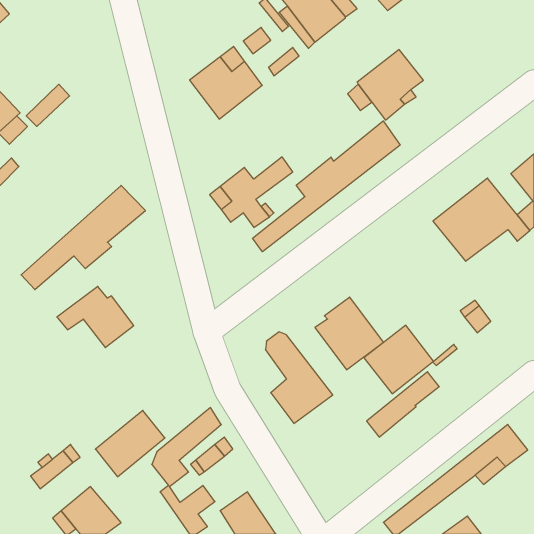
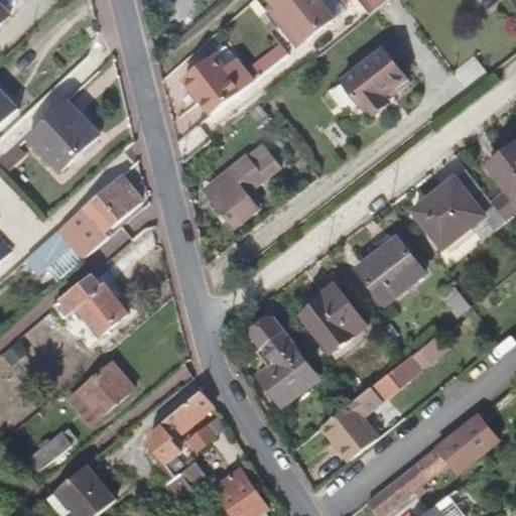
building: none -> [20,105,92,177]
building: [253,121,400,252] -> none
building: [364,325,433,394] -> [357,238,423,303]
building: [95,410,165,477] -> [68,361,134,424]
building: none -> [322,403,378,460]

